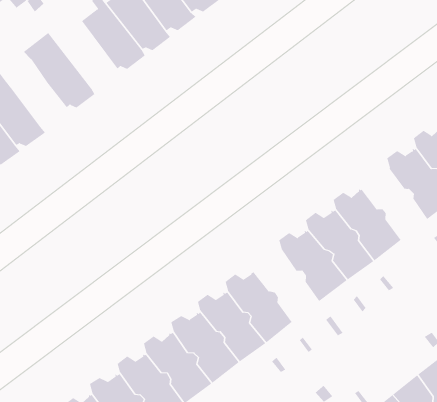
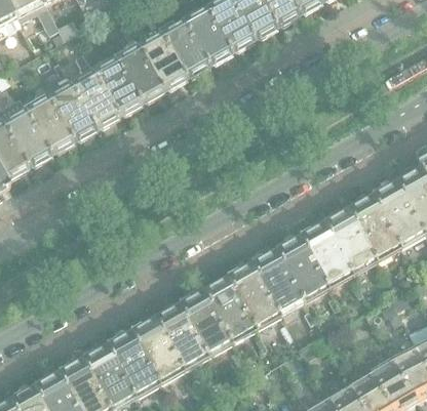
building: none -> [87,59,141,117]
building: none -> [47,64,95,141]
building: none -> [322,212,373,272]
building: none -> [226,266,276,326]

